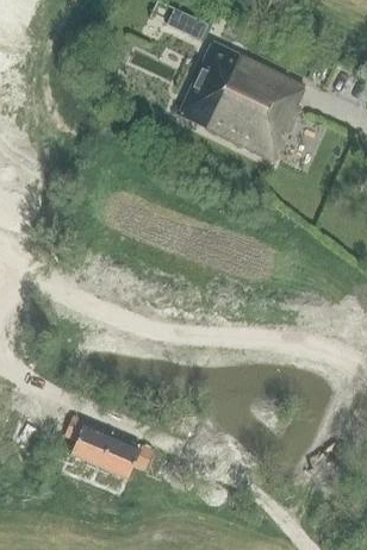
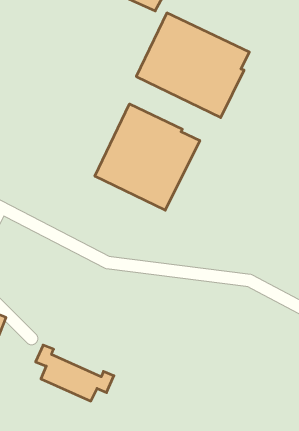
building: none -> [95,104,200,210]

